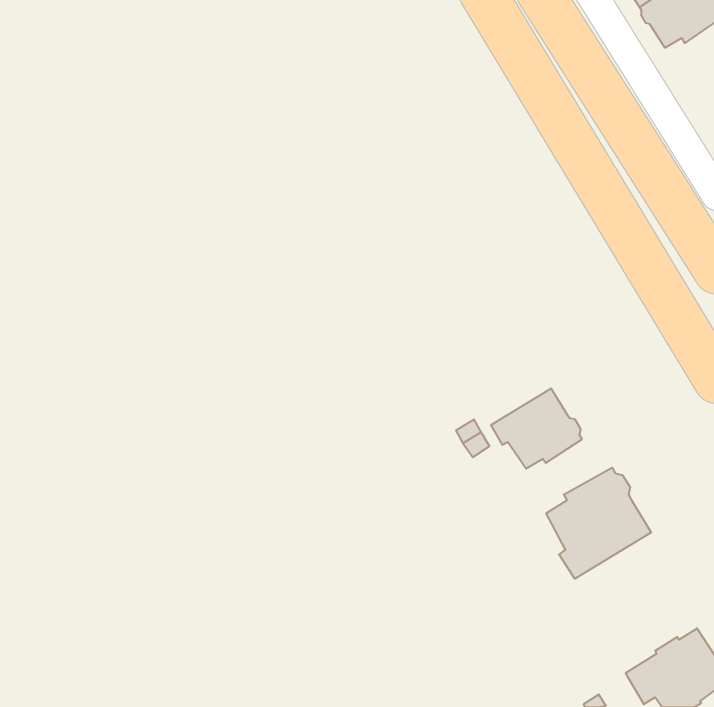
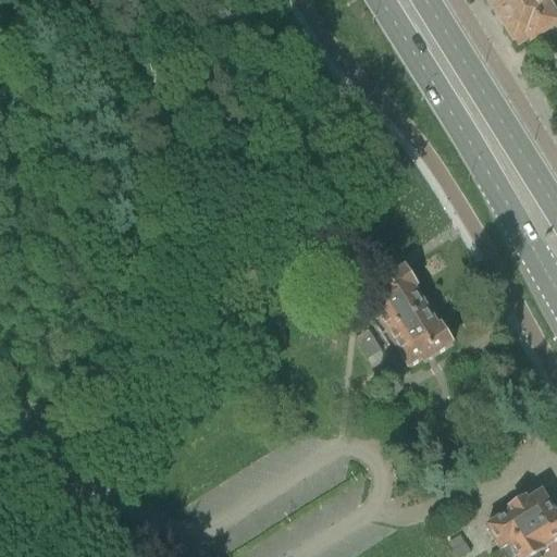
building: none -> [366,263,430,330]
building: [546,468,651,579] -> none

